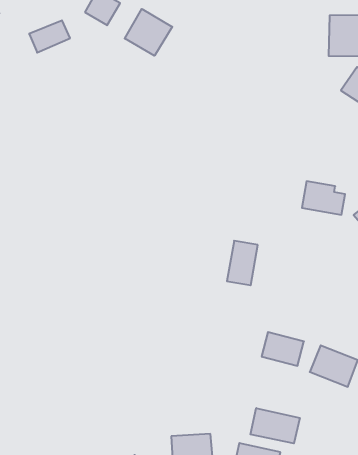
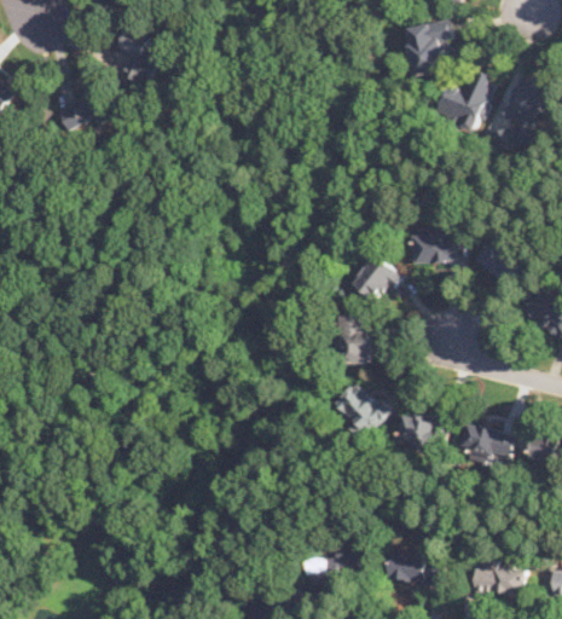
building: [125,9,172,56] -> none
building: none -> [350,253,400,302]
building: none -> [331,380,387,435]
building: [250,408,300,443] -> none

